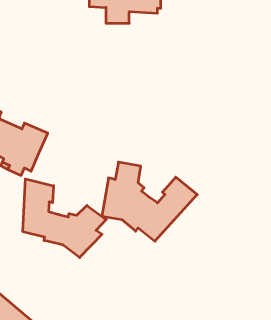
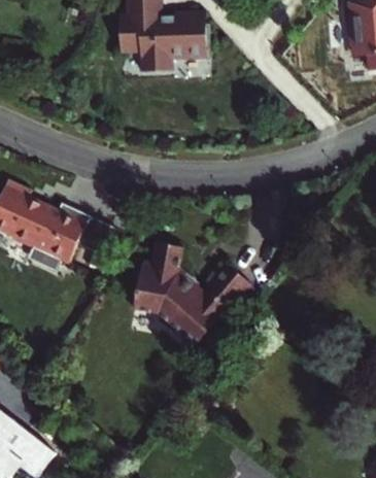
building: none -> [53,206,91,245]
building: [23,179,106,258] -> none

